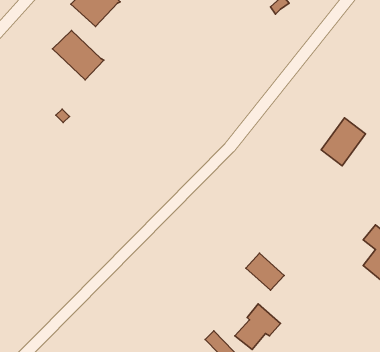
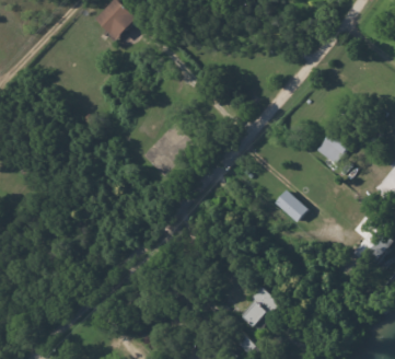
building: [52,30,104,80] -> none
building: [246,253,284,290] -> [274,189,307,222]

